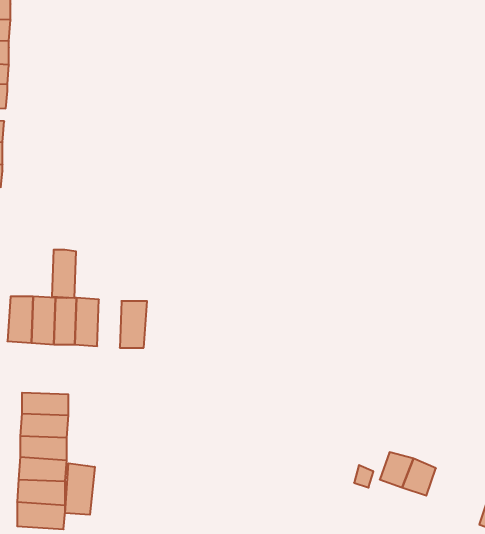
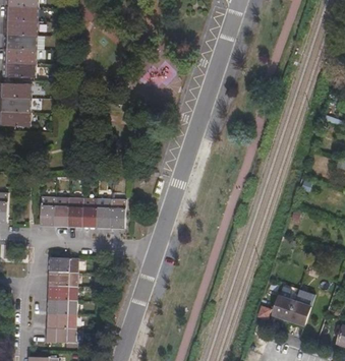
building: [52,250,76,298] -> [96,196,111,227]
building: [65,463,95,515] -> none

